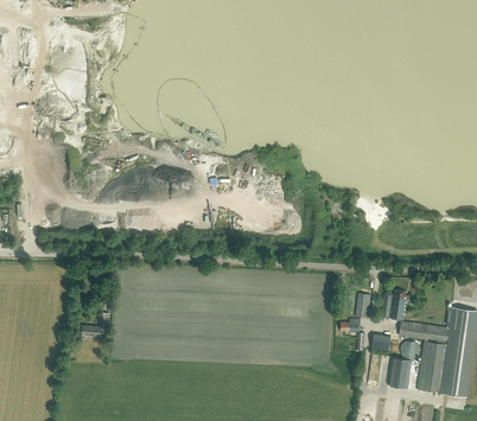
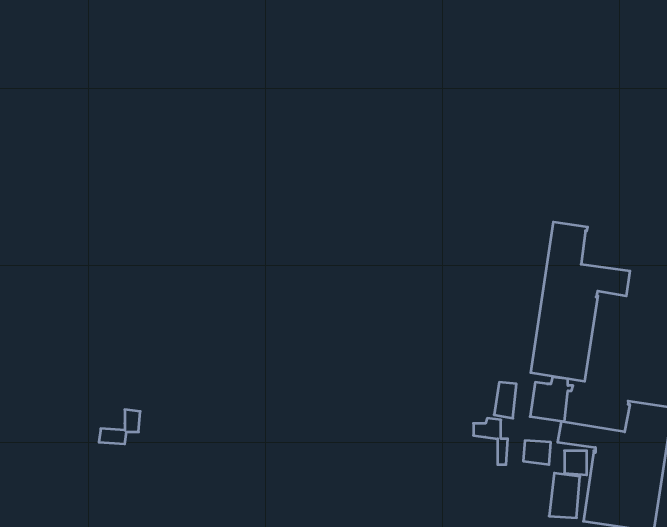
building: none -> [531,222,630,381]

